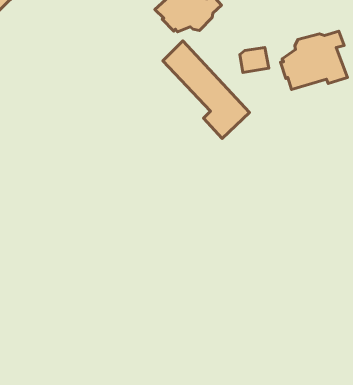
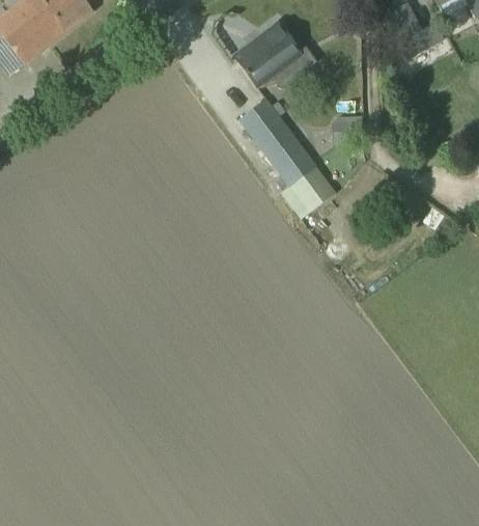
building: [281,31,347,90] -> none

